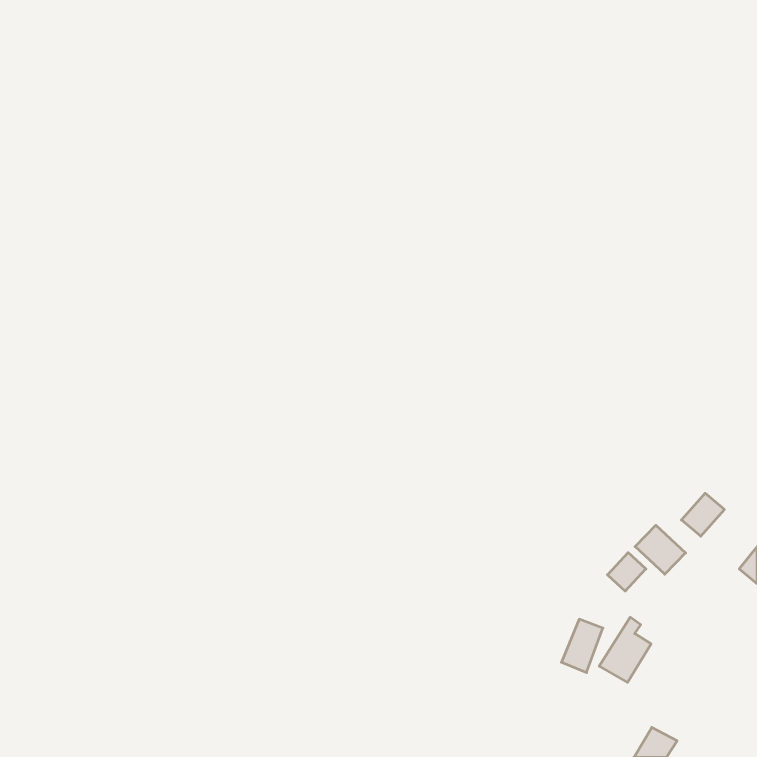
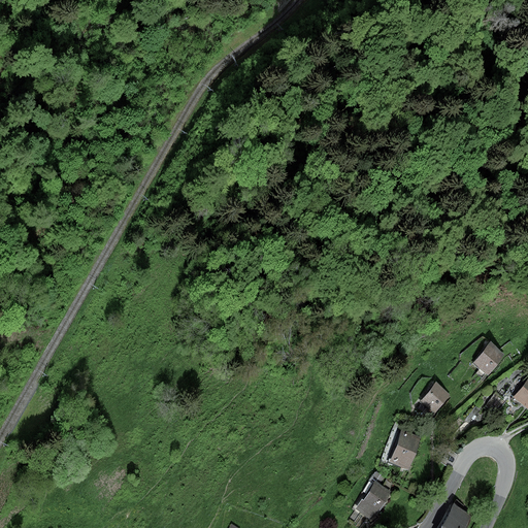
building: [635,525,686,574] -> none
building: [599,617,651,682] -> [354,472,390,518]

